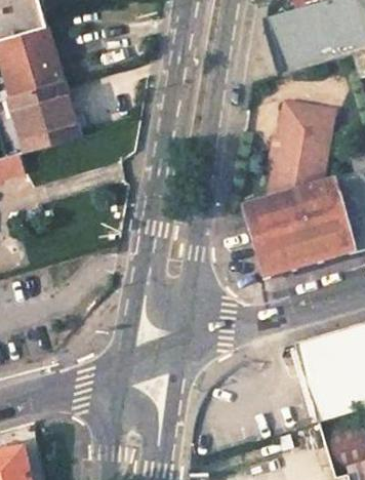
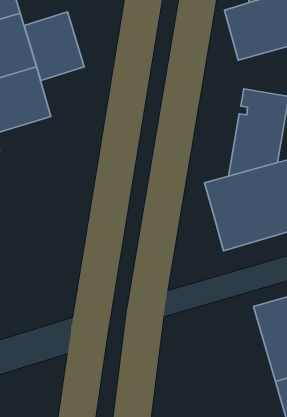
building: none -> [24,12,84,80]

